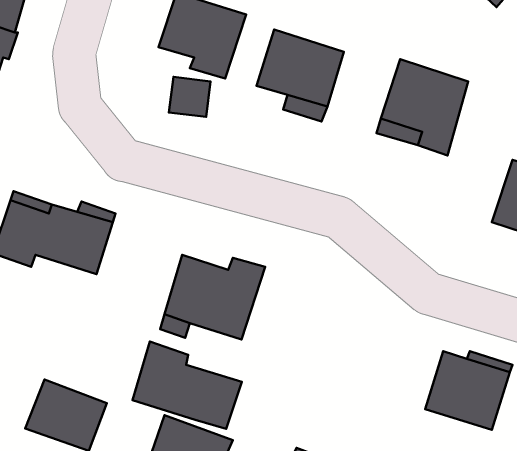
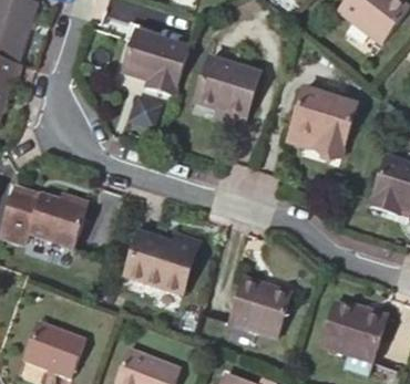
building: none -> [230,277,294,339]
building: [132,342,242,429] -> none

